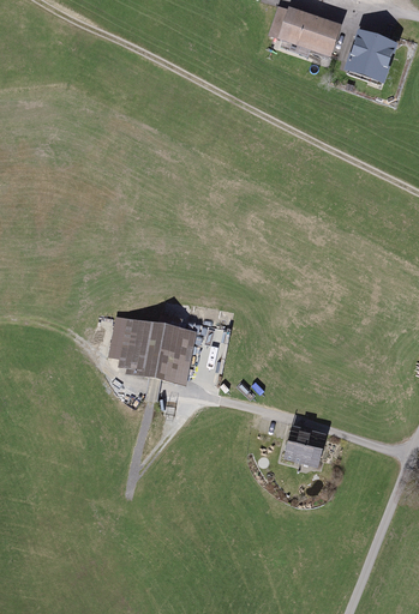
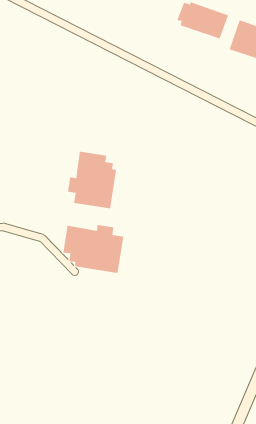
building: none -> [67,151,117,209]
building: [281,425,325,466] -> none

